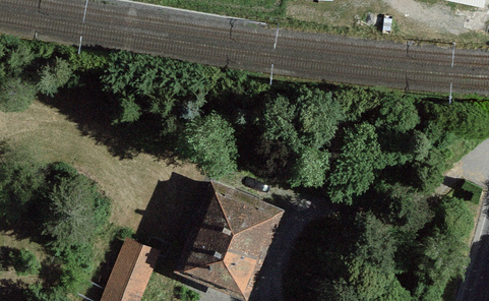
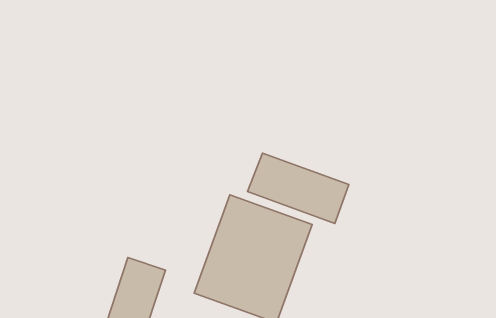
building: none -> [248,153,349,223]

